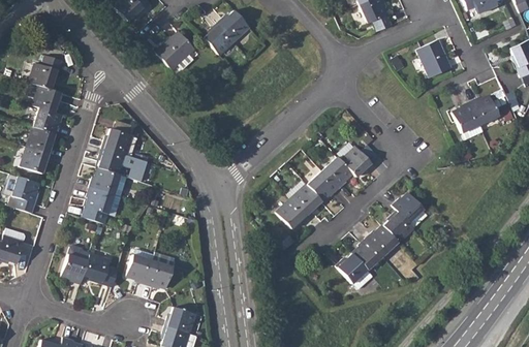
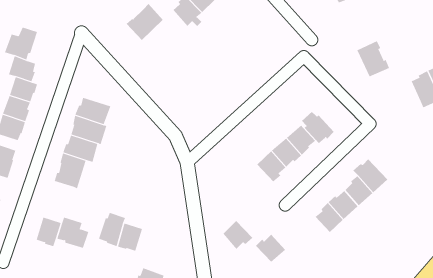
building: [416,38,452,76] -> [356,40,390,77]
building: [277,198,309,229] -> [222,220,253,250]
building: [336,253,368,283] -> [255,234,286,263]

